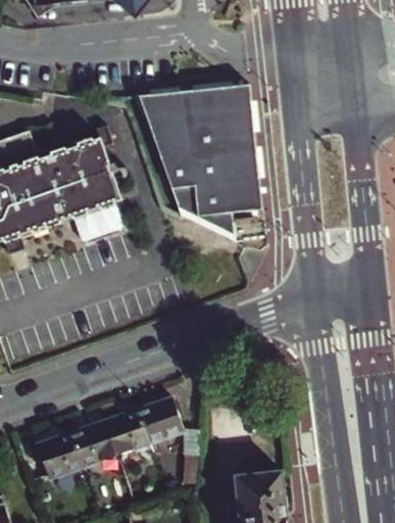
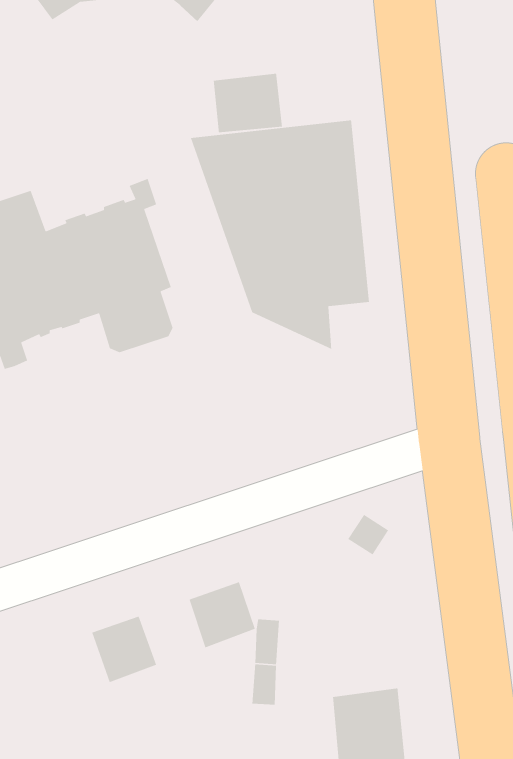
building: none -> [213,73,283,133]
building: [102,409,147,454] -> none
building: [36,431,82,477] -> none

